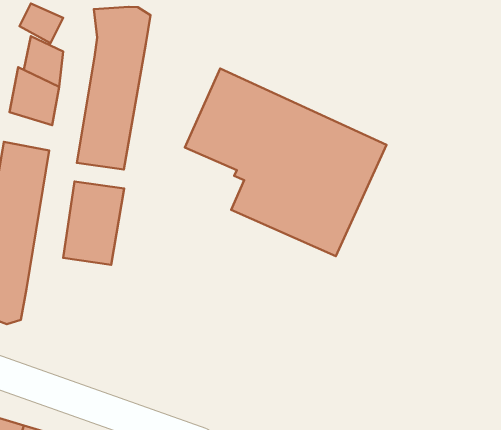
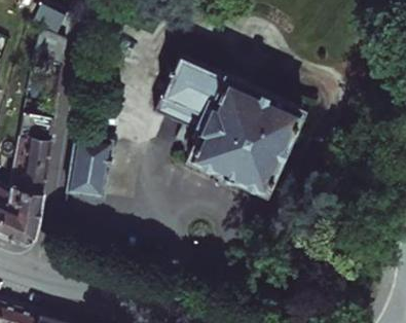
building: [77,7,150,170] -> none

